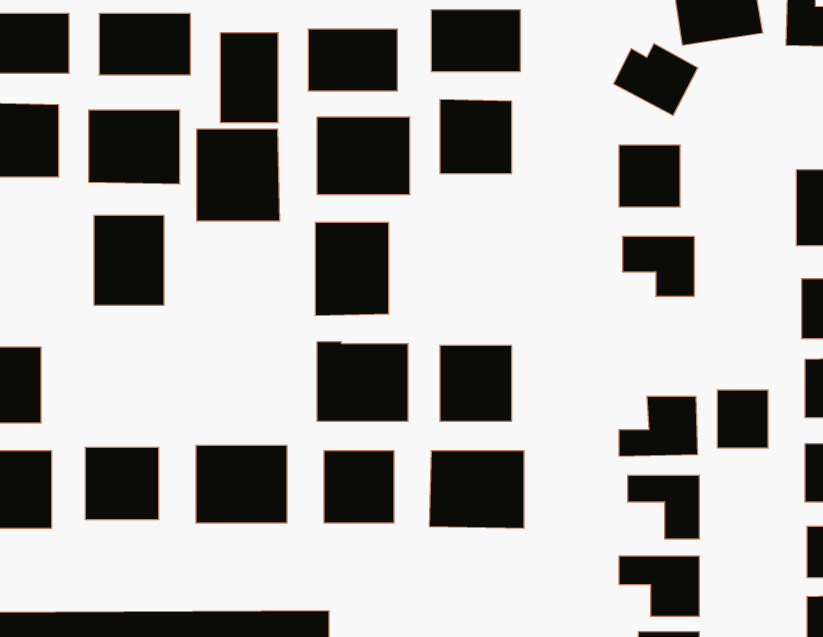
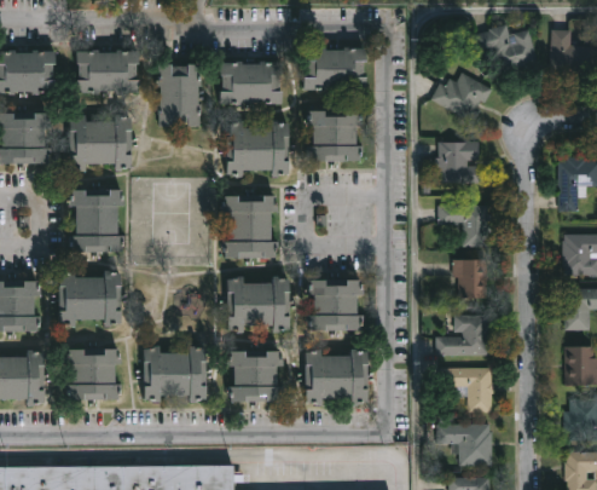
building: [197,129,279,221] -> none
building: none -> [59,273,121,324]
building: [717,390,768,448] -> [452,259,487,299]

